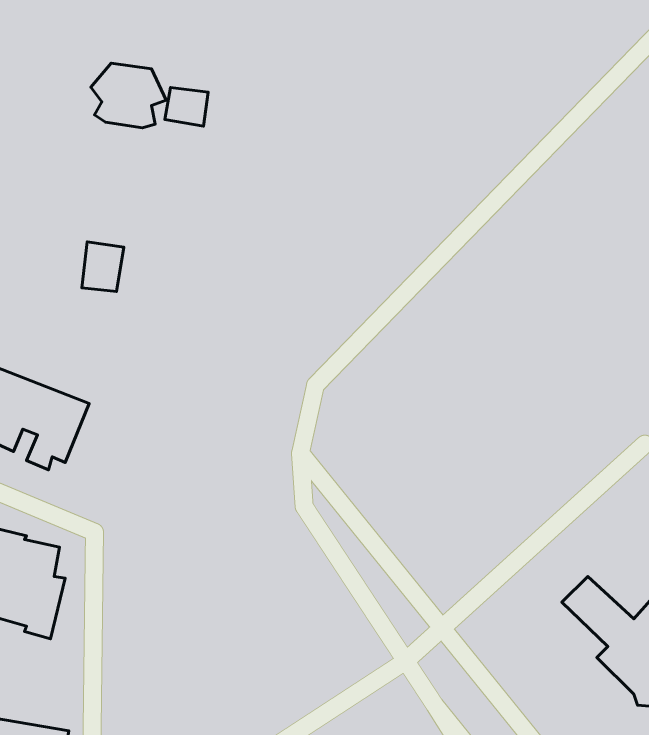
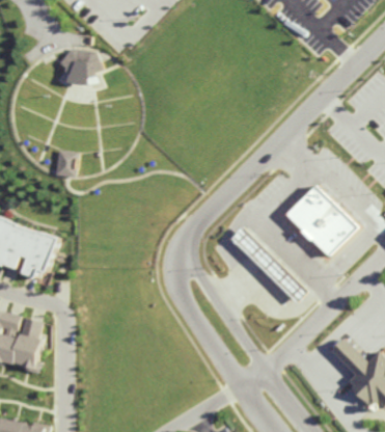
building: [165,88,208,126] -> none
building: none -> [283,186,354,255]
building: none -> [229,226,306,303]

